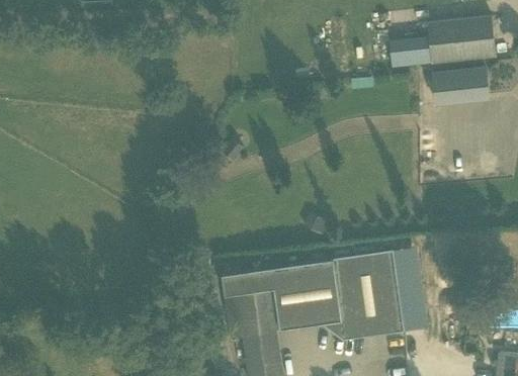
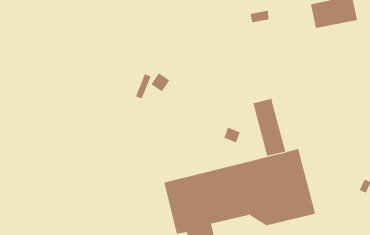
building: [392,246,426,315] -> [253,98,286,156]

